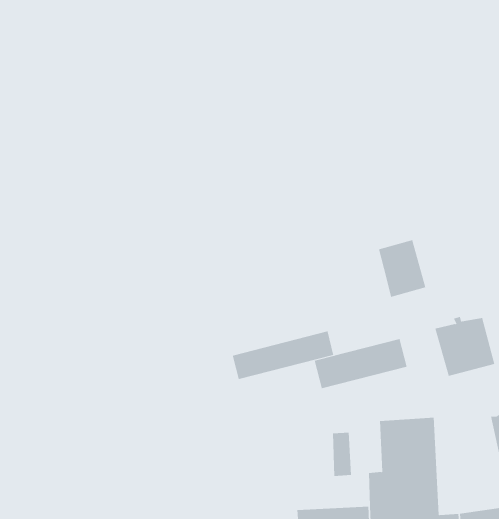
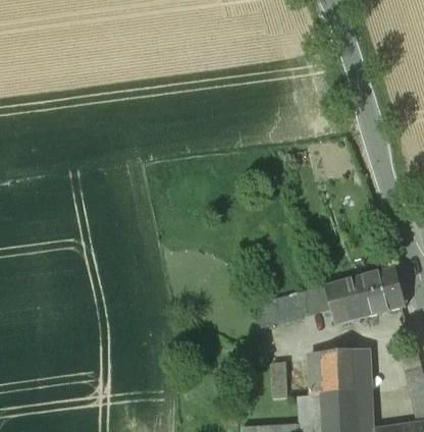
building: [378,239,426,297] -> [338,273,378,321]
building: [232,331,334,380] -> none

